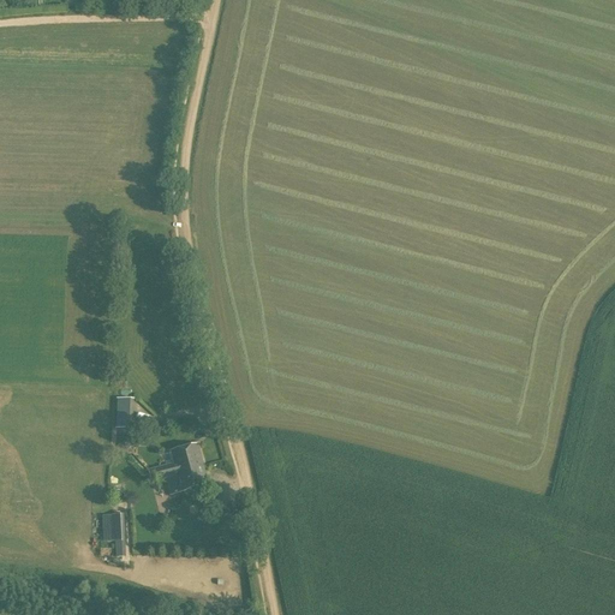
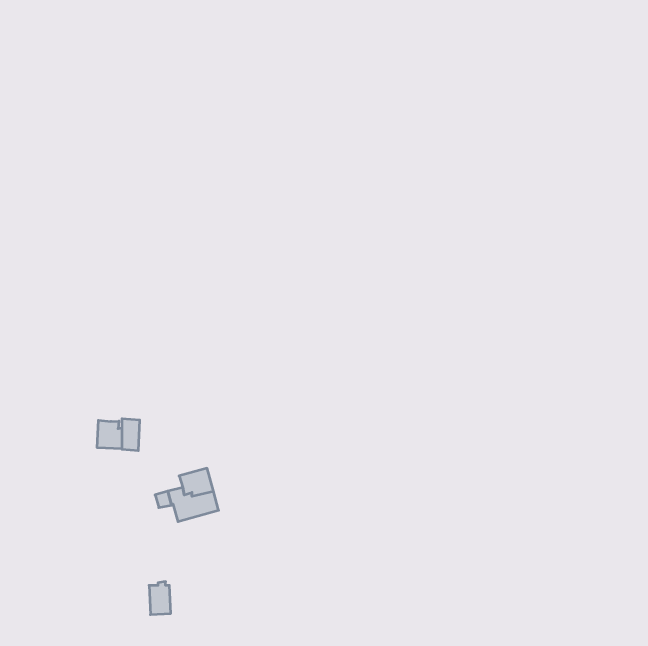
building: none -> [97,420,122,449]
building: [103,509,124,541] -> [149,582,171,615]

